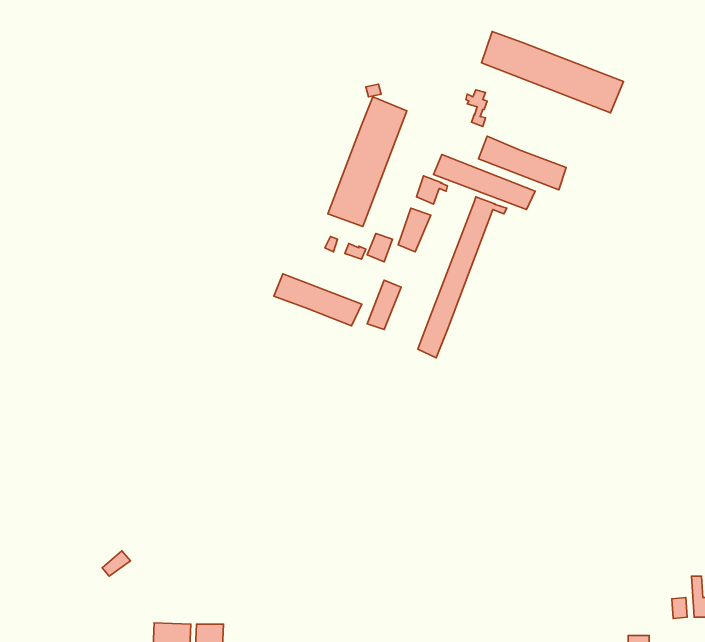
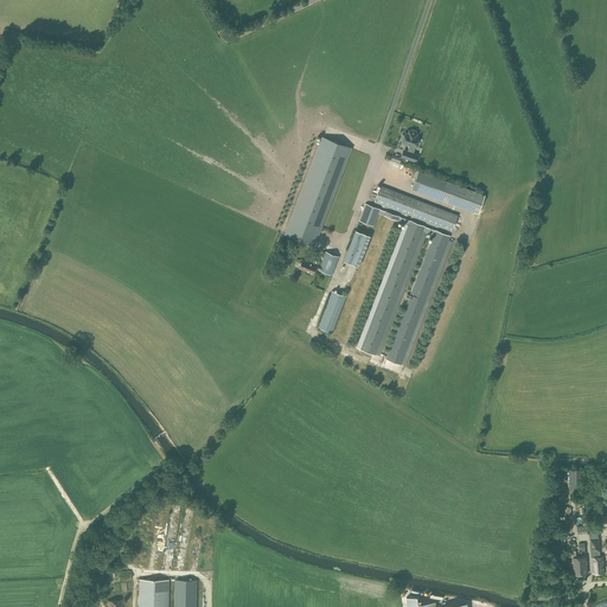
building: [482,32,623,113] -> none
building: none -> [385,230,451,365]
building: [274,274,362,326] -> none

